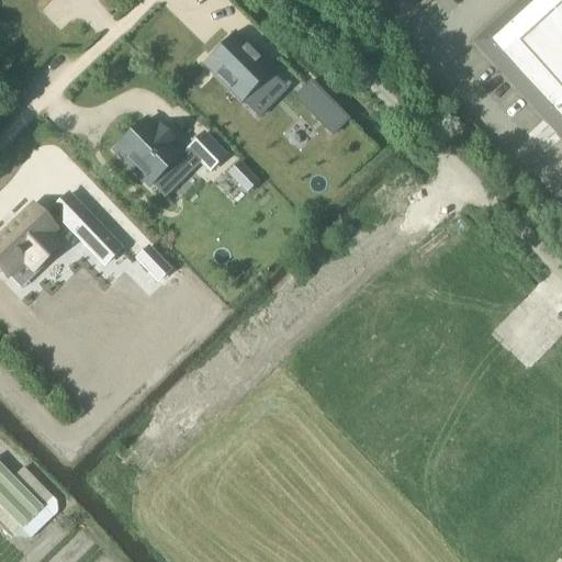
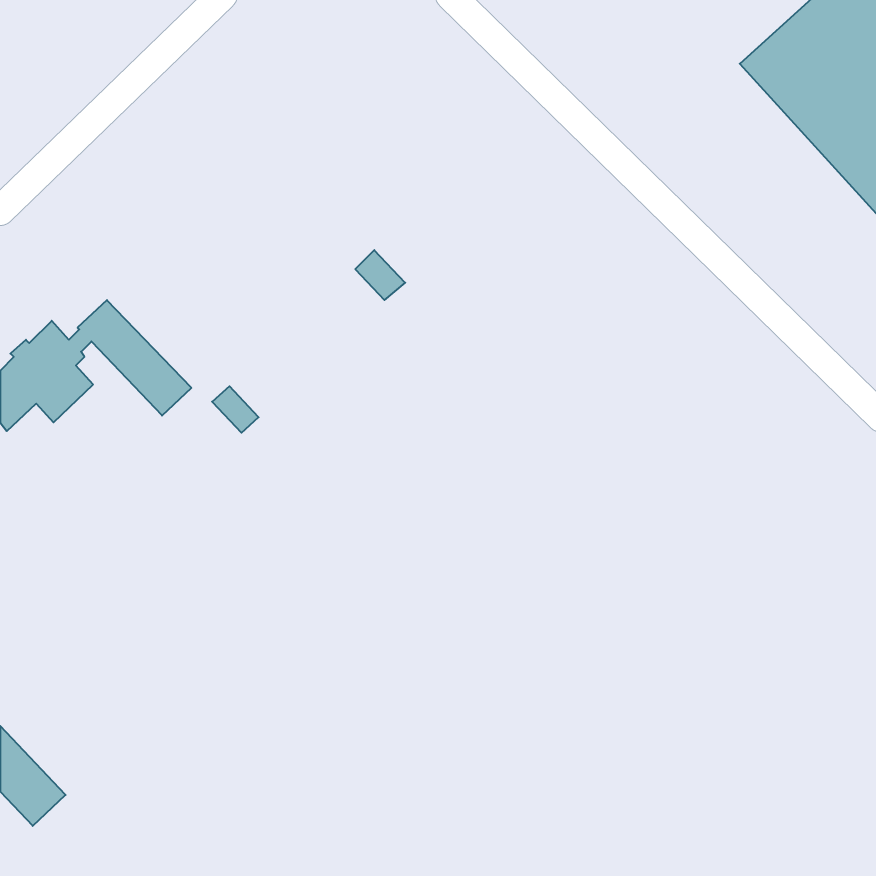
building: [205,32,280,106] -> none
building: [297,80,350,133] -> none
building: [117,117,227,190] -> none

